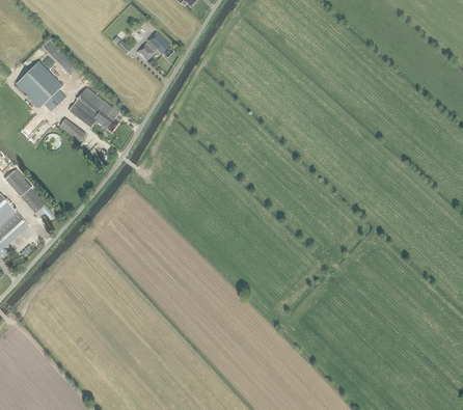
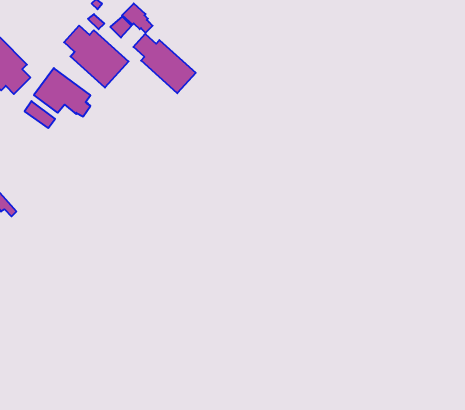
building: none -> [64,26,129,88]
building: none -> [133,34,196,93]

